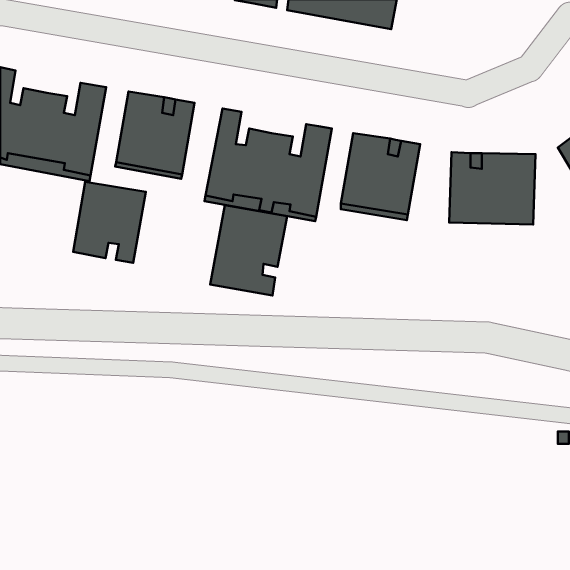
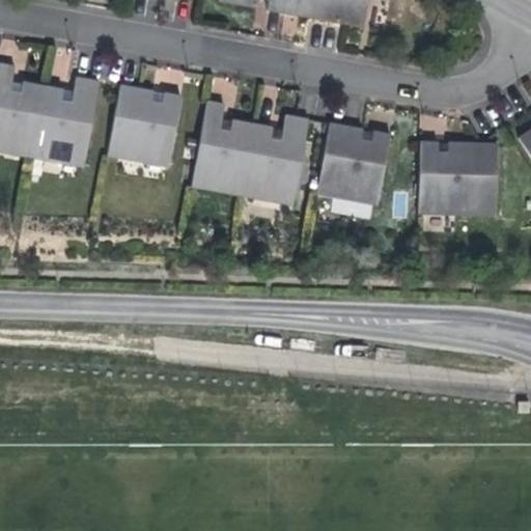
building: [73,182,146,263] -> none
building: [210,205,287,296] -> none

